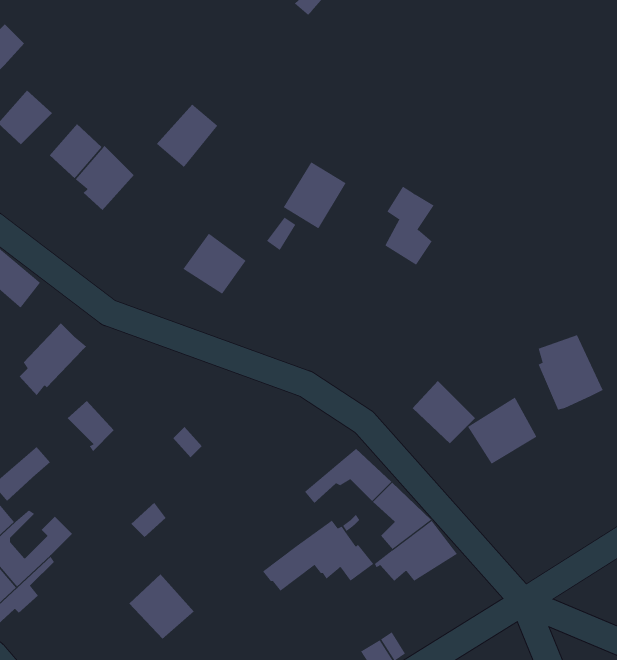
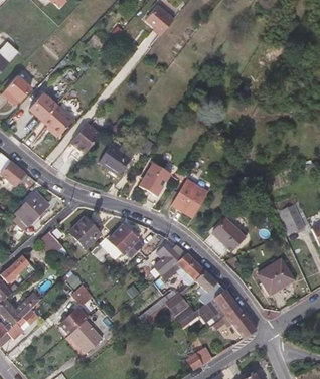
building: [156,104,218,168] -> [68,123,100,155]
building: [283,161,347,229] -> [138,161,170,195]
building: [385,186,434,265] -> [170,175,195,215]
building: none -> [68,213,101,247]
building: none -> [108,222,143,256]
building: [467,397,537,465] -> [258,262,293,297]
building: none -> [151,244,178,276]
building: none -> [57,306,91,336]
building: none -> [209,308,254,339]

